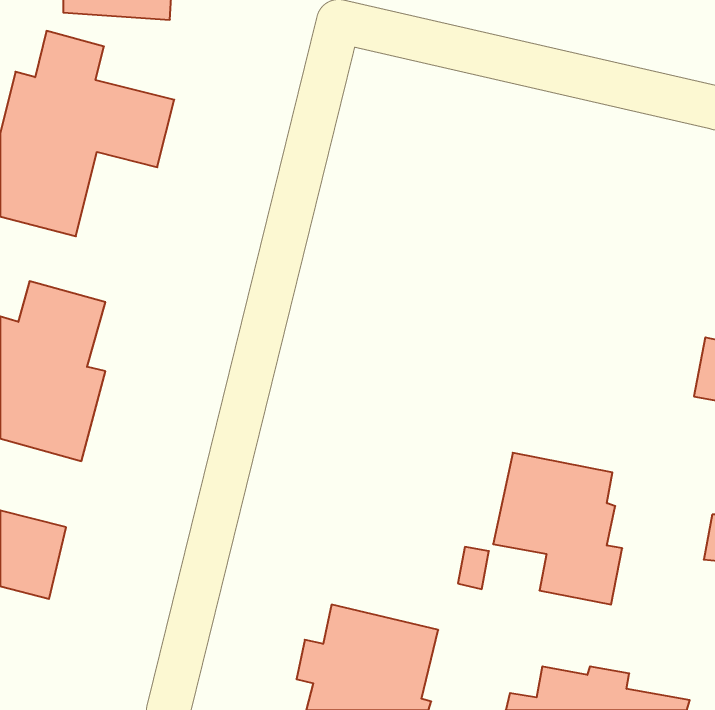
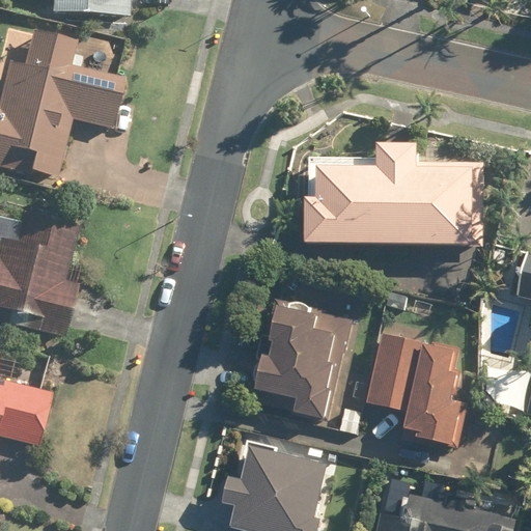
building: none -> [302,144,486,247]
building: none -> [252,306,354,421]

